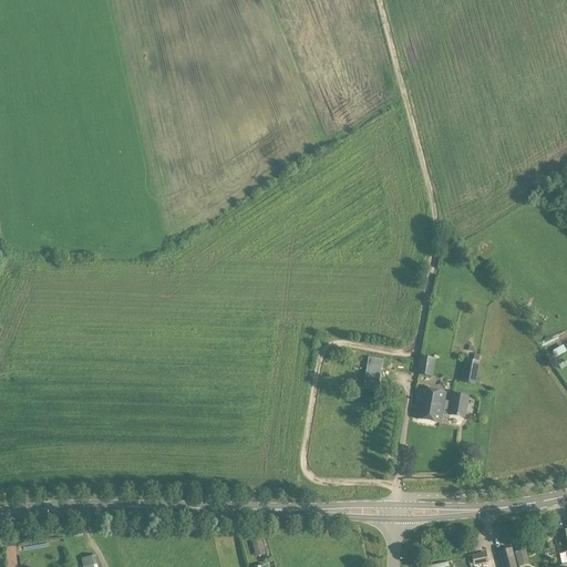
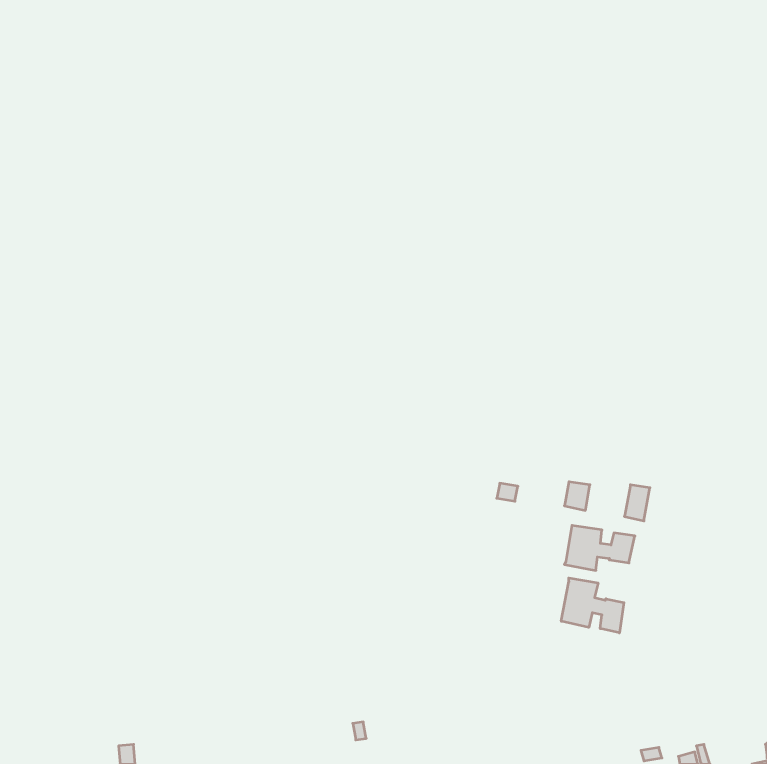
building: none -> [561,578,624,633]

